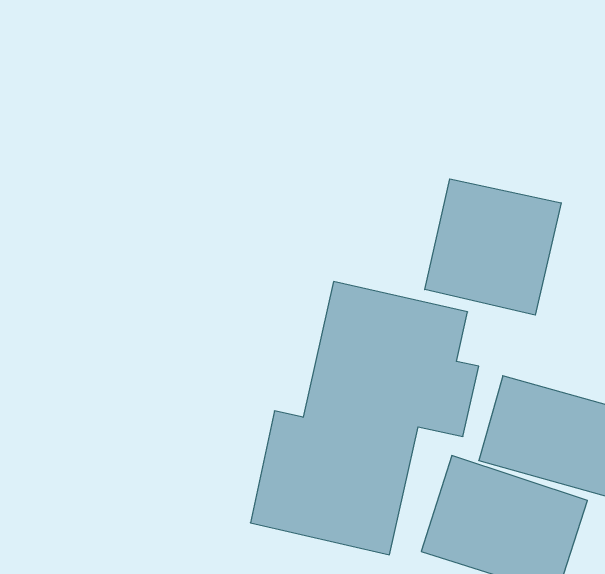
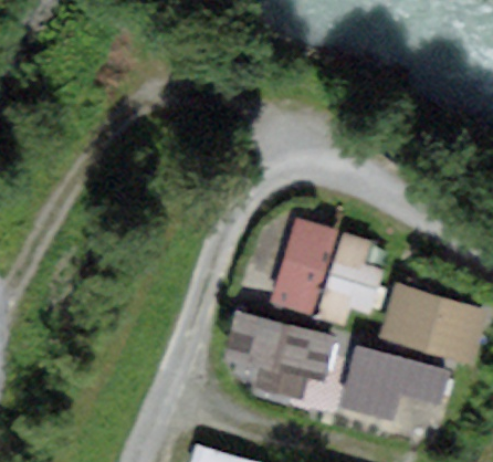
building: [425,179,561,315] -> none

